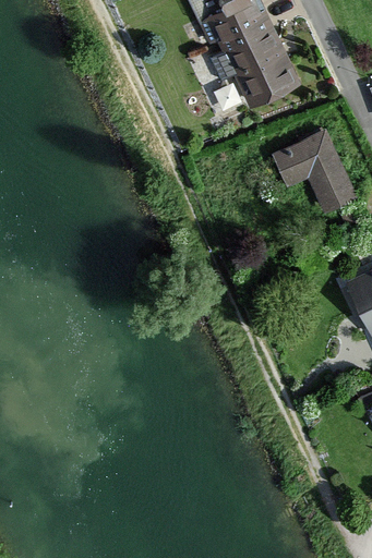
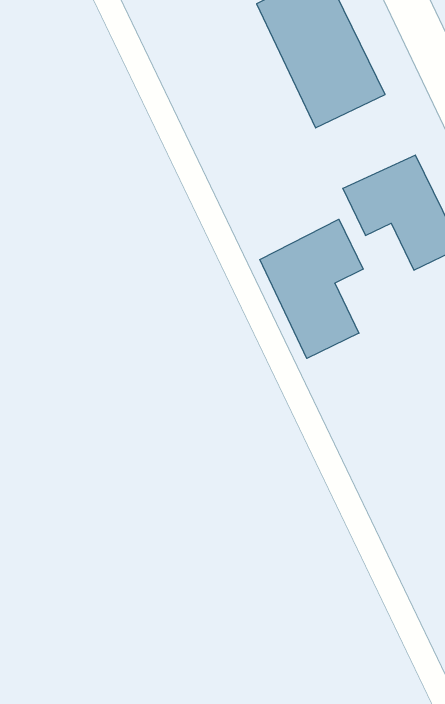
building: none -> [260,219,363,358]

